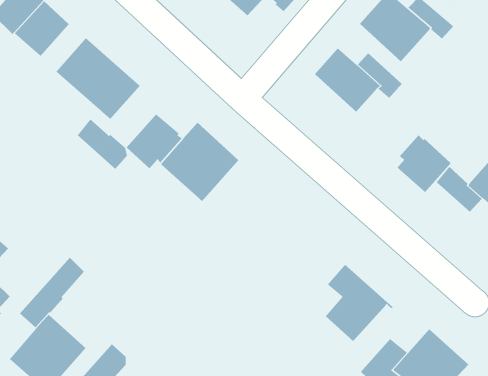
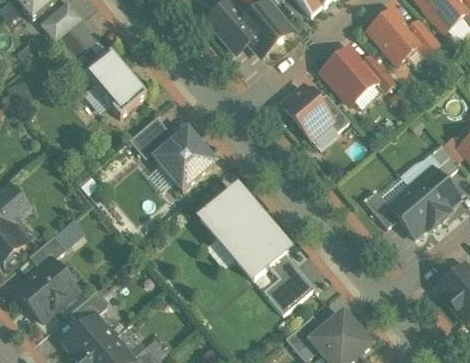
building: [77,119,128,170] -> none
building: [396,134,452,193] -> none
building: none -> [200,186,288,279]

